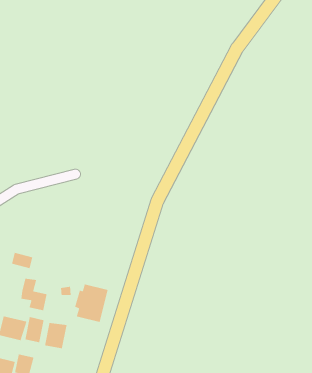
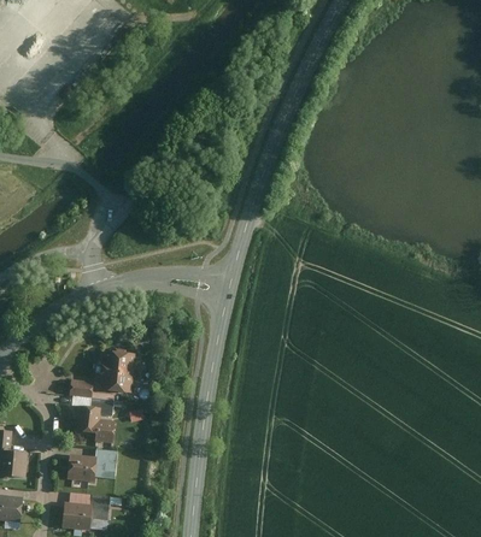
building: [74,283,109,323] -> [99,350,135,393]
building: [44,322,67,349] -> none

